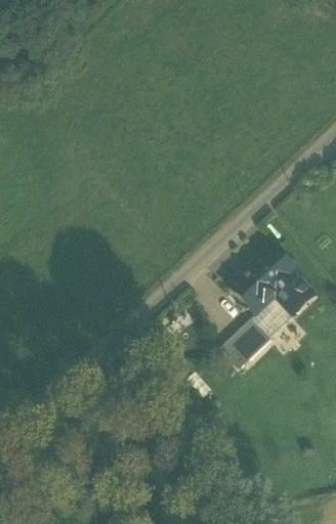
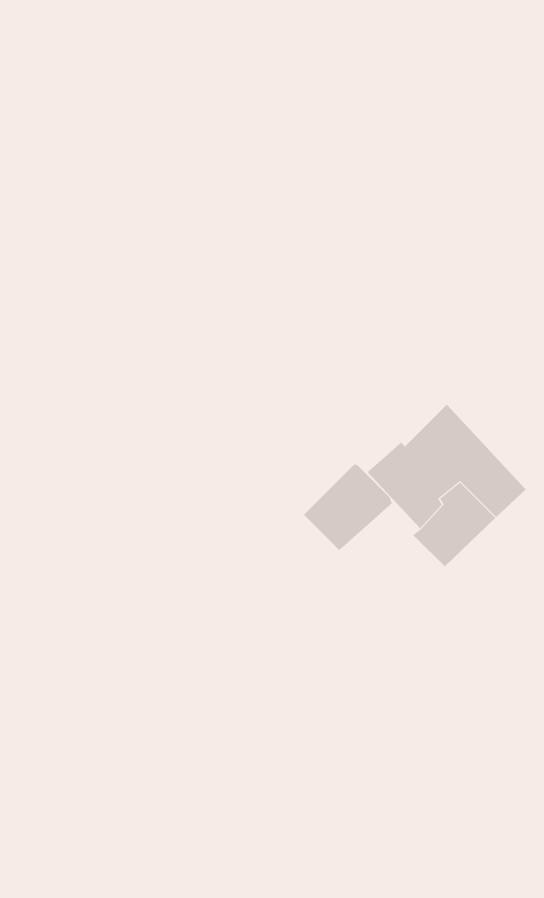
building: [222,318,270,365] -> [303,463,393,551]

